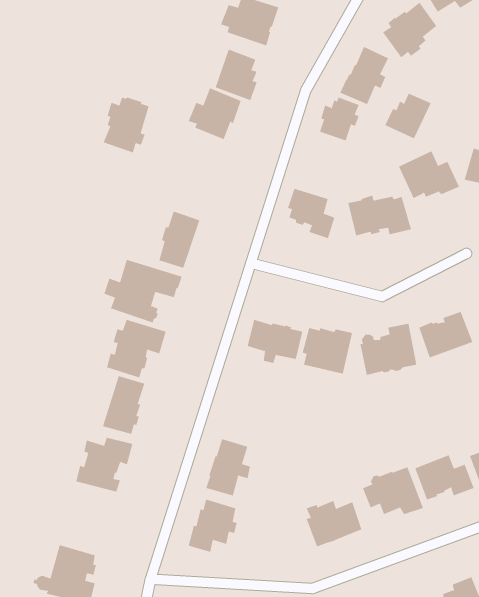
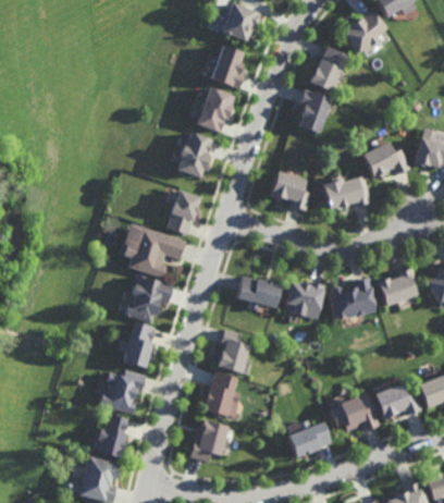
building: [385,93,432,139] -> none
building: [103,97,150,153] -> [174,127,212,173]
building: none -> [217,328,250,372]
building: none -> [94,414,127,458]

